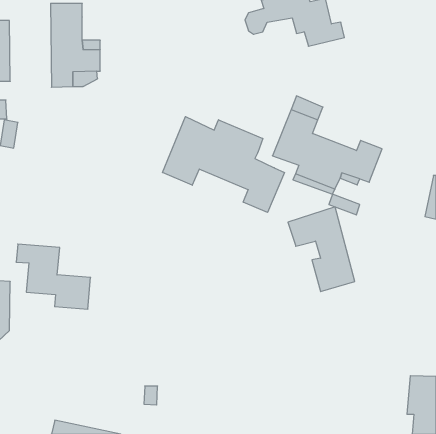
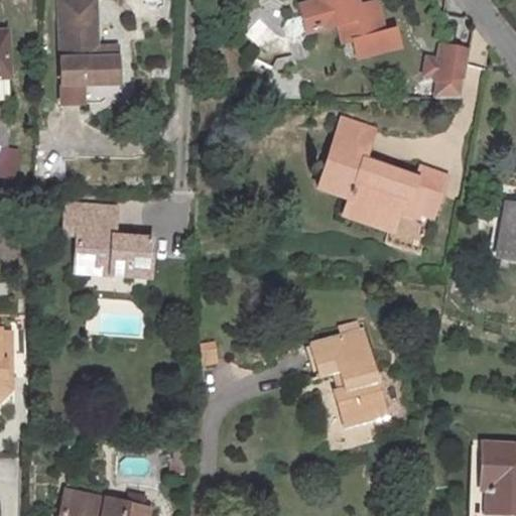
building: none -> [427,39,468,95]
building: [163,117,285,212] -> none
building: [288,207,355,292] -> [306,329,385,428]
building: [16,244,91,309] -> [62,199,150,275]

